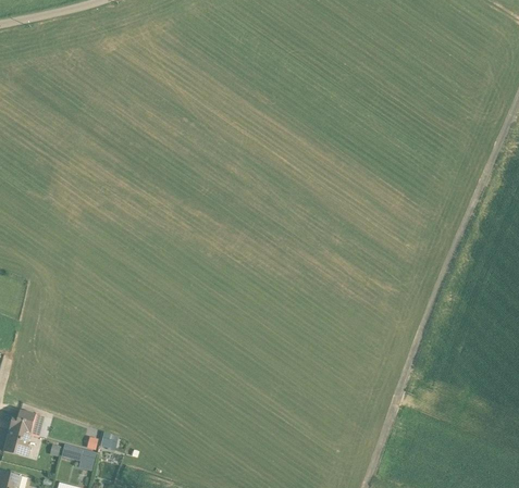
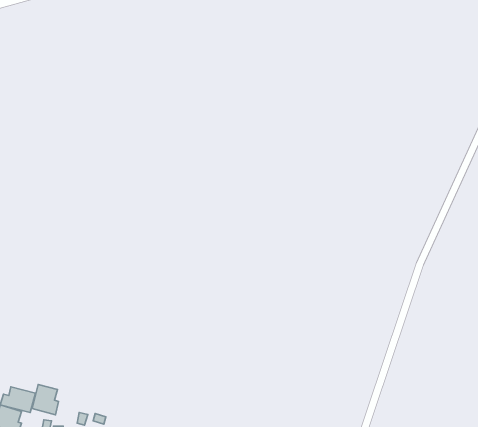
building: none -> [32,384,59,415]

